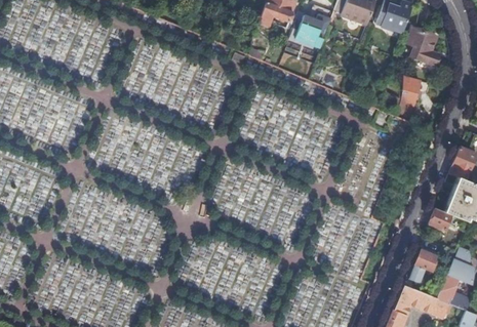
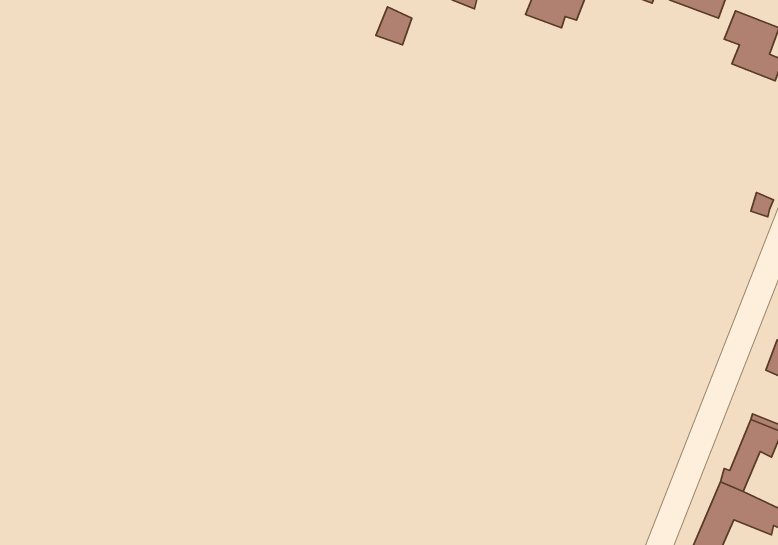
building: [398,76,420,123] -> none

